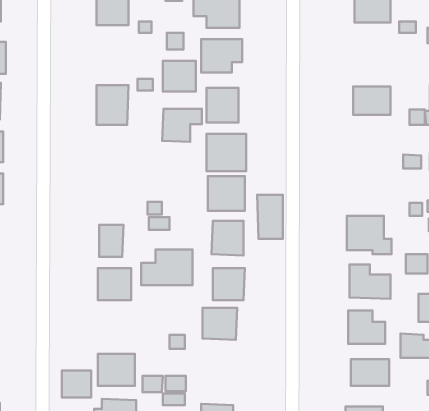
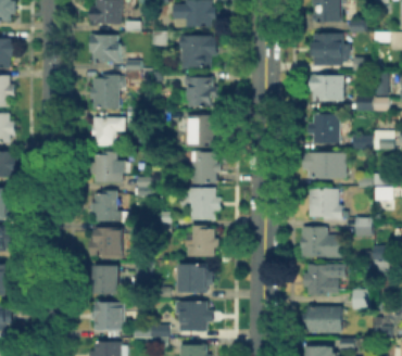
building: none -> [306,34,370,69]
building: [163,61,196,91] -> [91,35,120,61]
building: [162,109,202,142] -> [91,117,125,145]
building: none -> [309,112,340,142]
building: none -> [304,154,347,177]
building: none -> [90,155,122,180]
building: [257,195,283,239] -> none
building: [141,249,192,285] -> none
building: none -> [178,302,211,330]
building: [62,371,91,397] -> [92,268,117,291]

